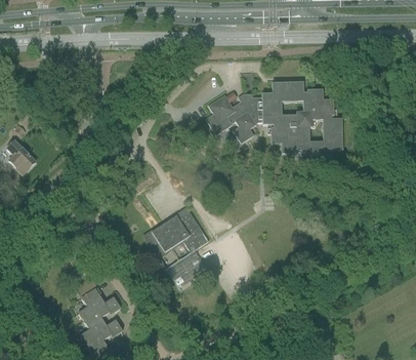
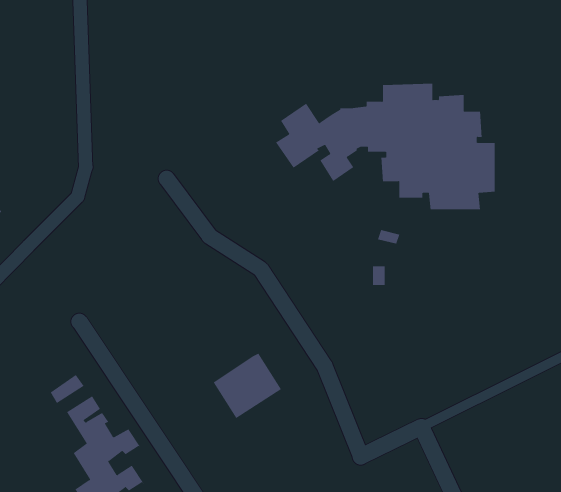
building: [145,205,209,255] -> none

